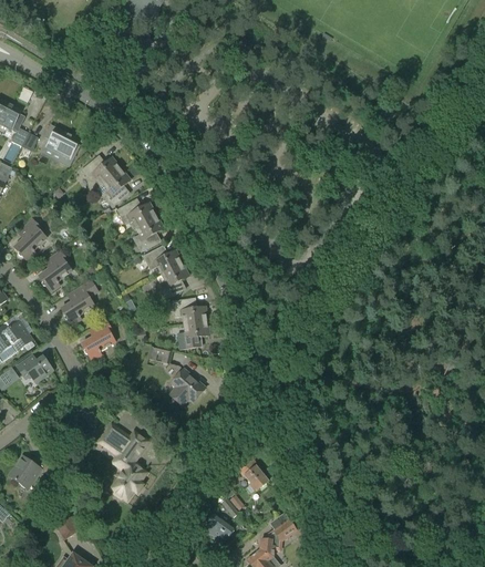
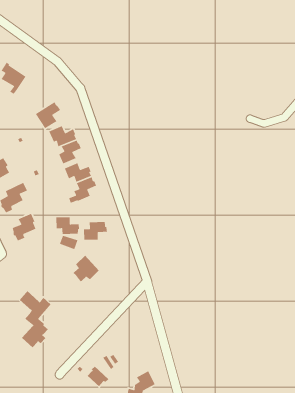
building: [81,157,121,184] -> none
building: [173,299,207,324] -> [55,216,80,235]
building: [238,458,268,493] -> none

